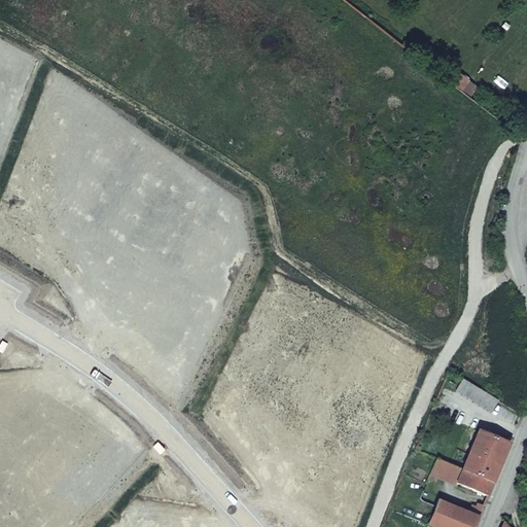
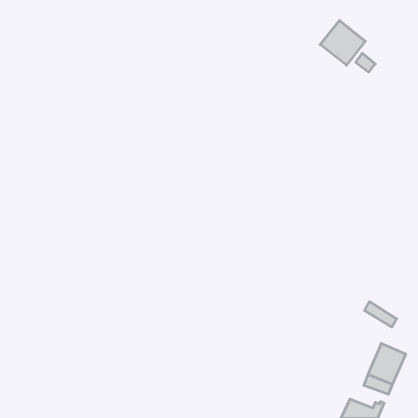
building: none -> [320,20,365,65]
building: [428,459,463,486] -> none

